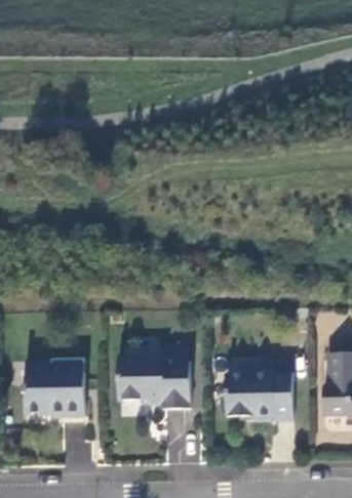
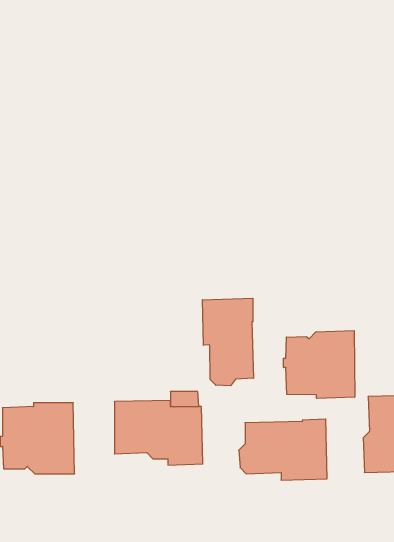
building: none -> [202,298,253,386]
building: none -> [283,331,355,398]

